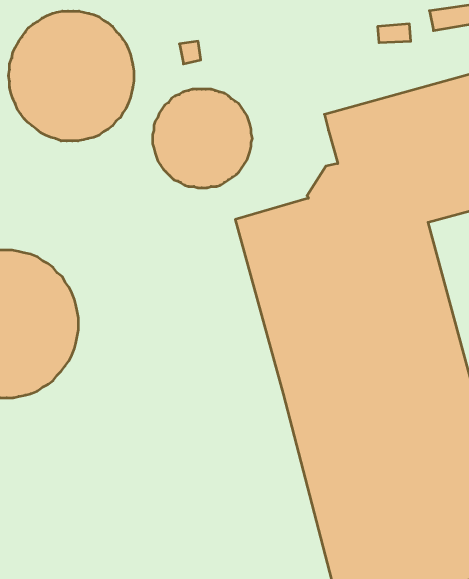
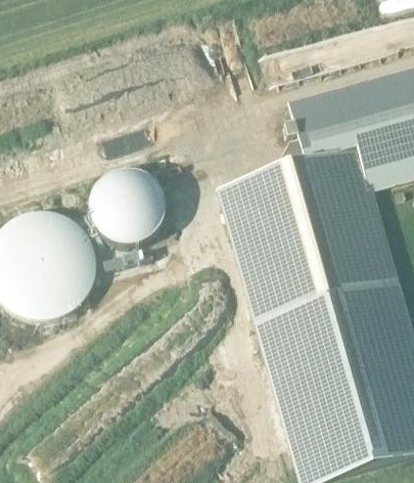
building: [9,11,134,141] -> none
building: [153,89,252,188] -> [89,169,166,245]

